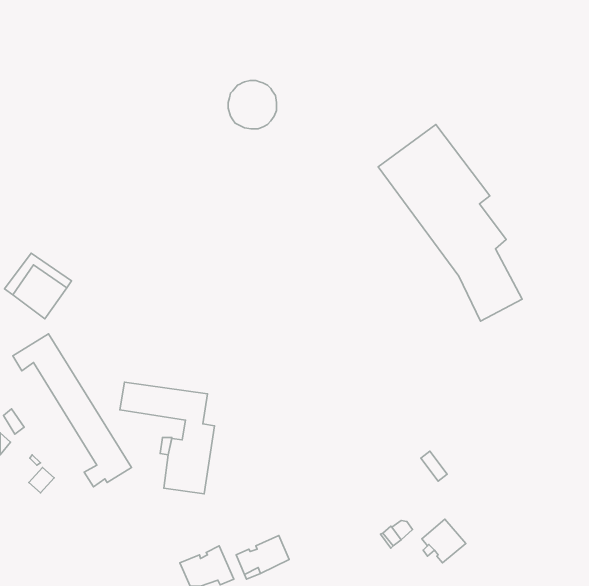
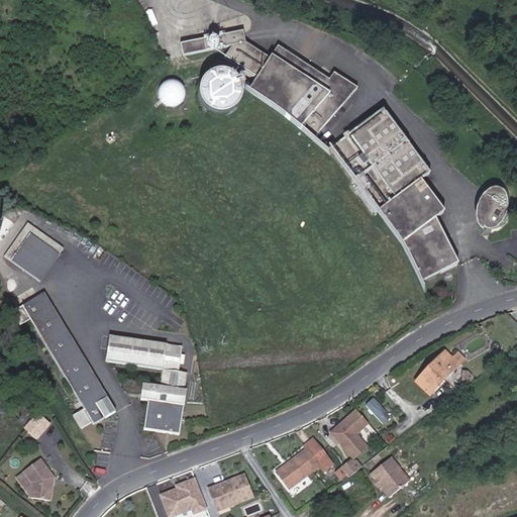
building: none -> [181,30,357,137]
building: none -> [481,184,512,225]
building: none -> [416,346,468,394]
building: none -> [333,407,372,454]
building: none -> [278,436,333,485]
building: none -> [22,457,53,499]

